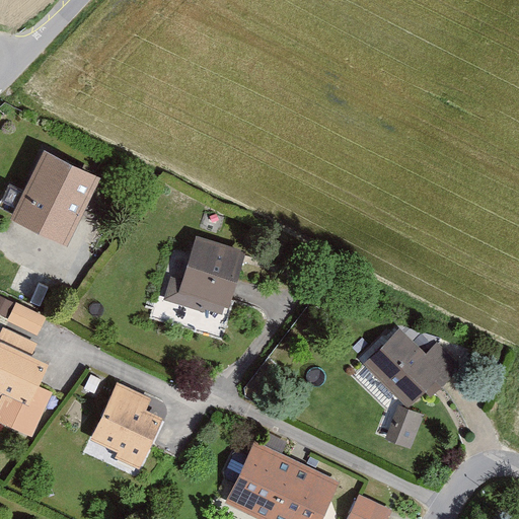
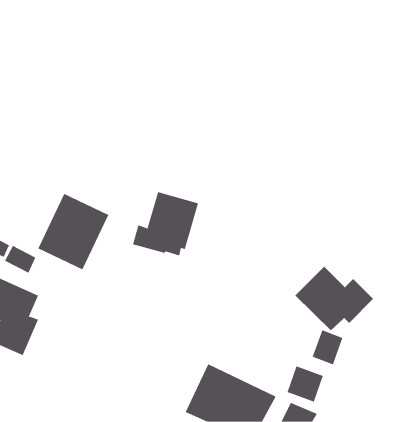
building: [9,151,97,245] -> [38,193,109,270]
building: [89,381,162,469] -> none
building: none -> [287,365,324,402]

